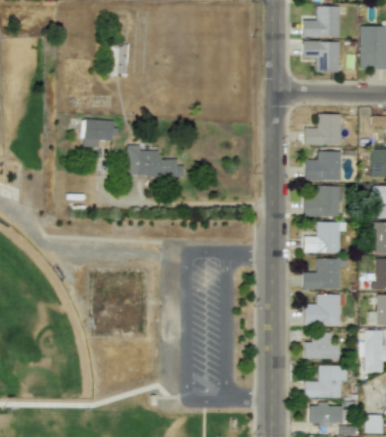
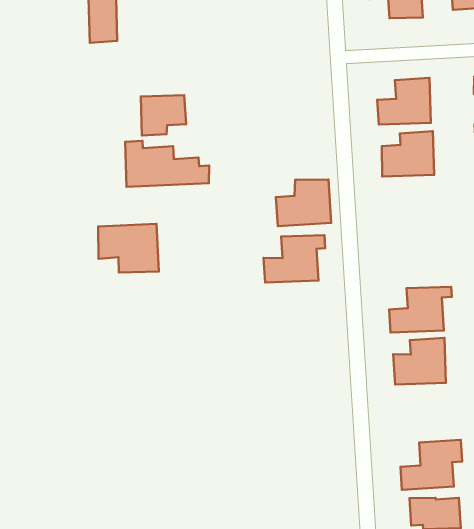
building: [82,120,113,147] -> [141,95,186,136]
building: [303,186,340,217] -> [276,179,331,226]
building: none -> [98,224,159,272]
building: [303,222,346,254] -> [264,235,325,282]
building: [304,332,339,360] -> none

